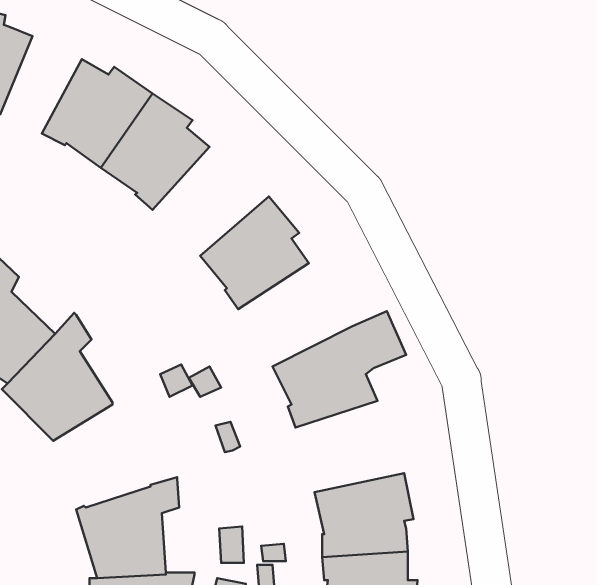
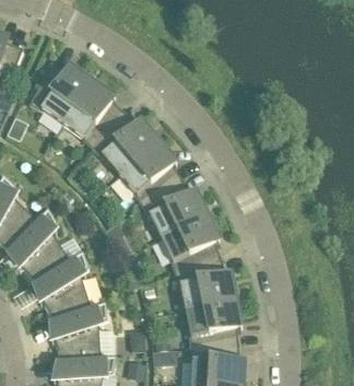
building: none -> [93,113,160,175]
building: none -> [142,179,208,238]
building: none -> [32,253,92,319]
building: none -> [175,258,237,311]

